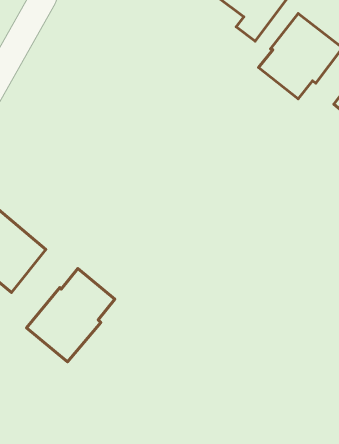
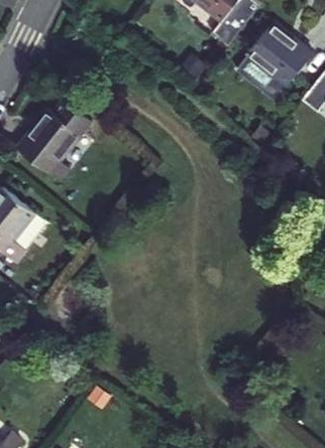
building: none -> [14,104,86,185]
building: [27,268,115,362] -> none

